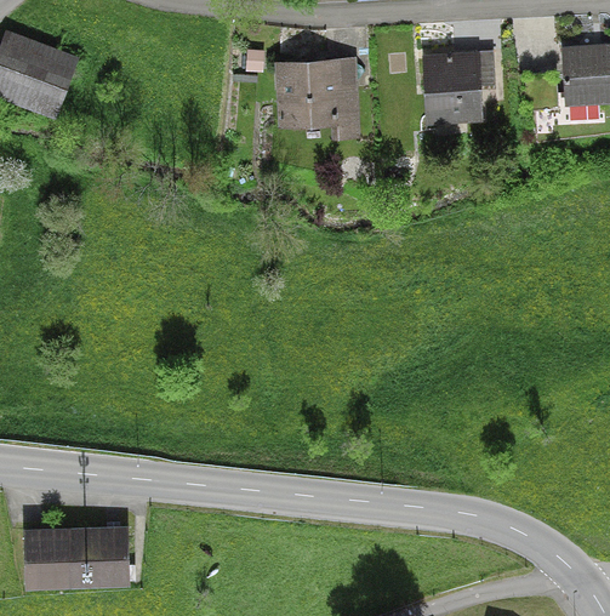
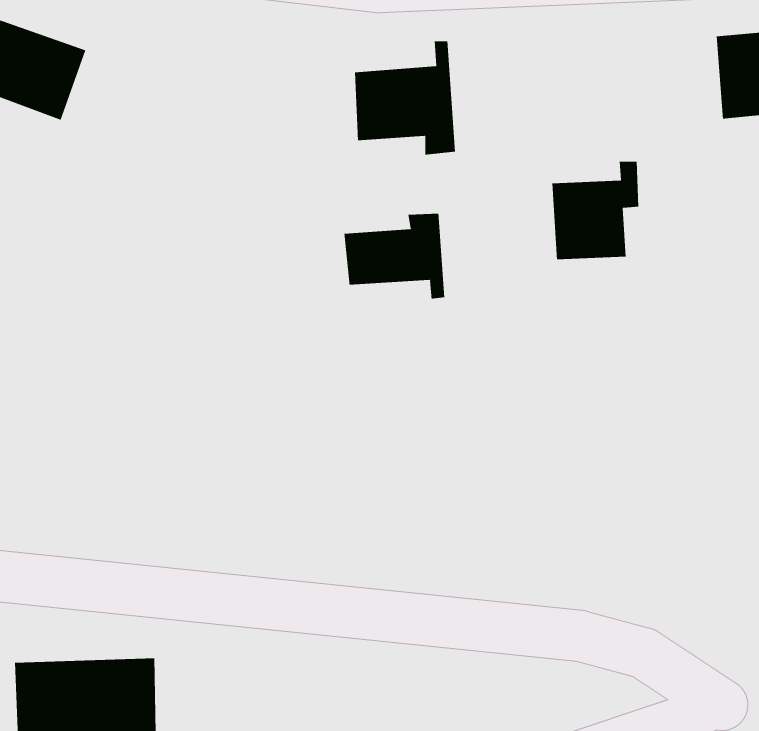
building: [424,47,492,124] -> [551,161,639,260]
building: none -> [344,213,445,300]

